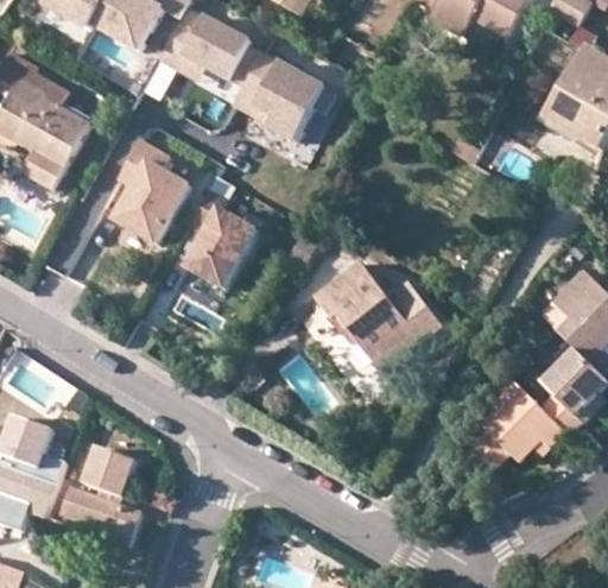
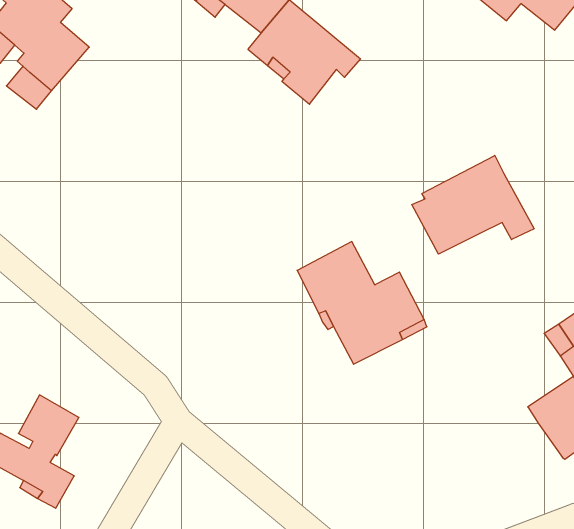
building: [116,137,191,240] -> none
building: none -> [412,155,534,254]
building: [186,188,259,285] -> none
building: [473,380,578,467] -> none

